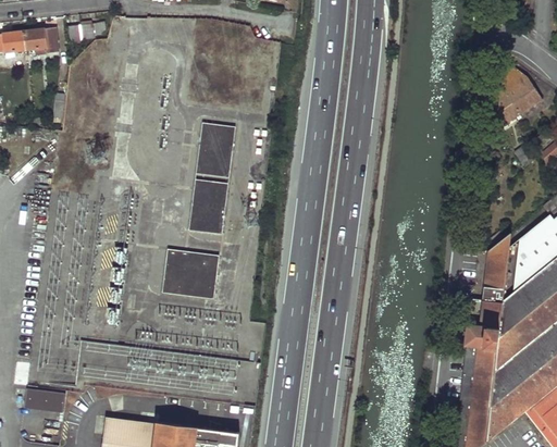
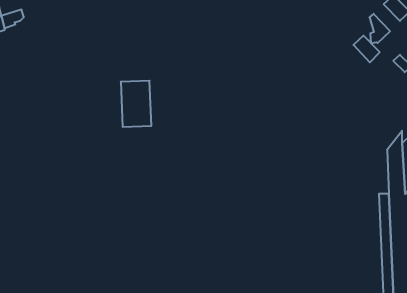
building: [502,86,530,117] -> [353,36,380,62]
building: [189,179,230,235] -> none
building: [163,249,220,299] -> none

